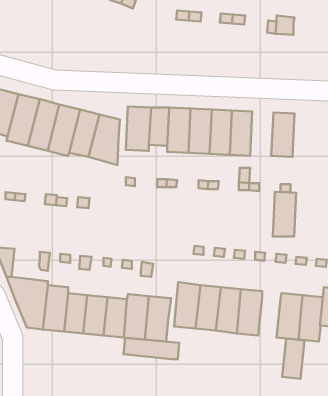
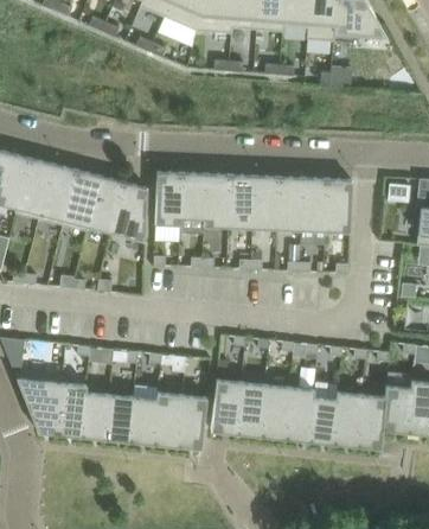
building: [273,192,296,236] -> [300,178,327,230]
building: [124,338,179,359] -> none
building: [282,338,305,379] -> [309,396,335,444]

